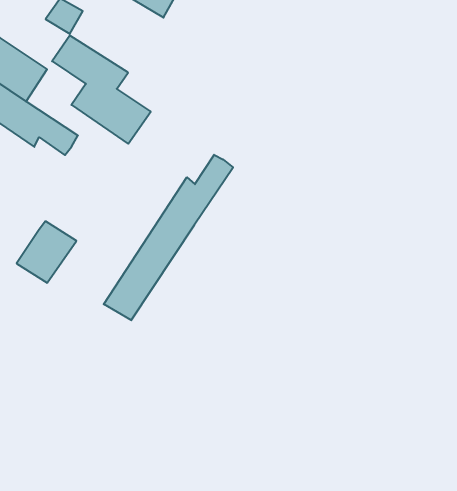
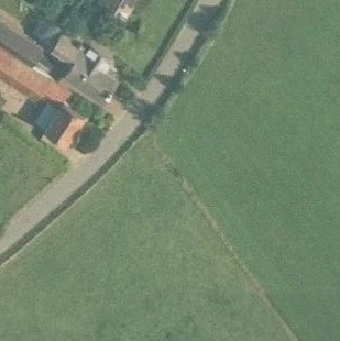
building: [104,155,233,320] -> none
building: [17,221,76,283] -> [41,103,81,145]

